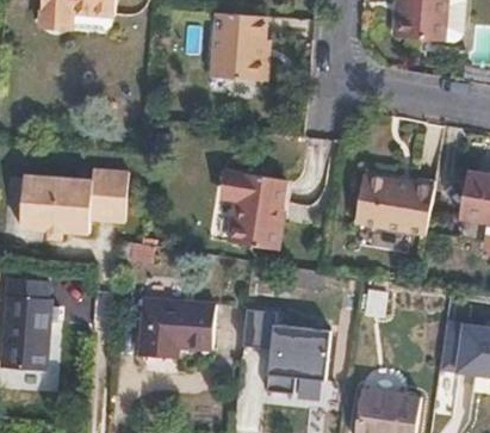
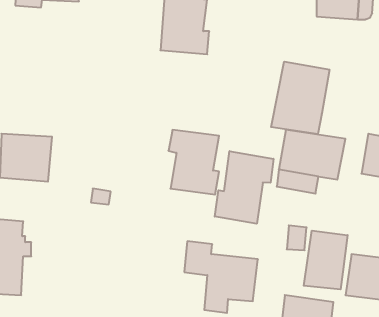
building: none -> [271,62,329,134]
building: [79,171,128,235] -> none
building: none -> [215,151,273,224]
building: none -> [304,231,348,289]
building: [139,298,216,360] -> none

